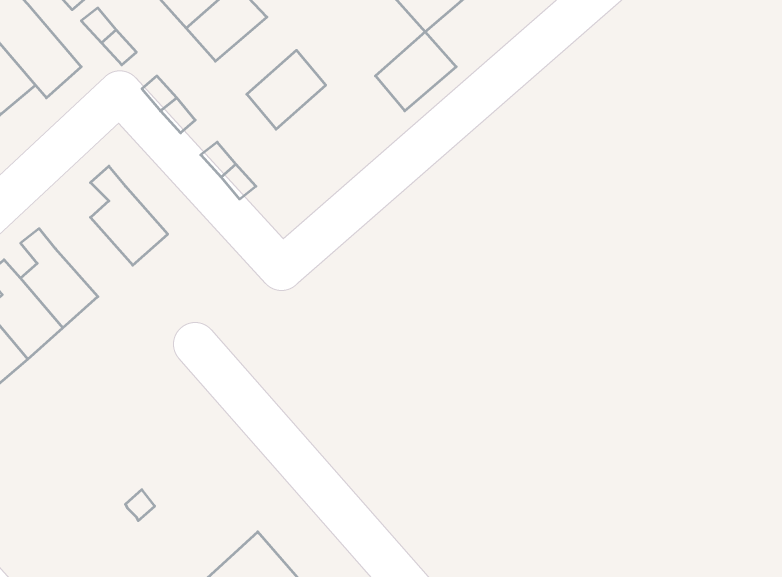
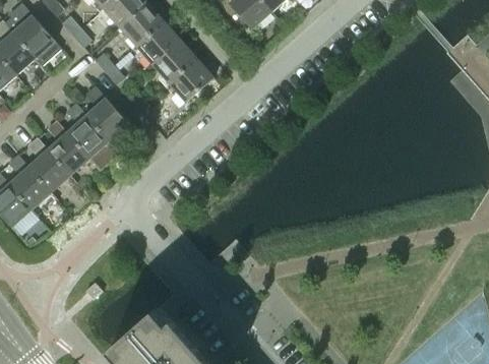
building: none -> [134,21,179,64]
building: [375,32,456,111] -> [168,59,212,103]
building: none -> [84,86,127,141]
building: none -> [46,121,88,176]

